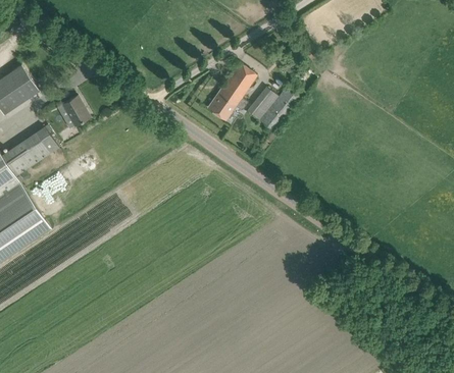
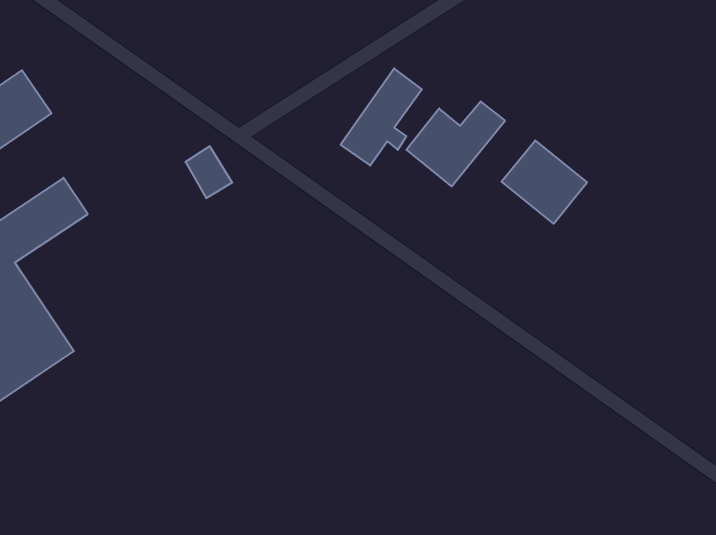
building: [61,96,89,126] -> [185,146,232,198]
building: none -> [502,140,587,224]

